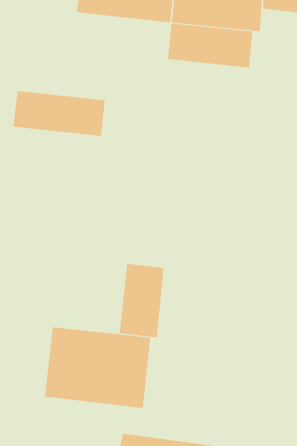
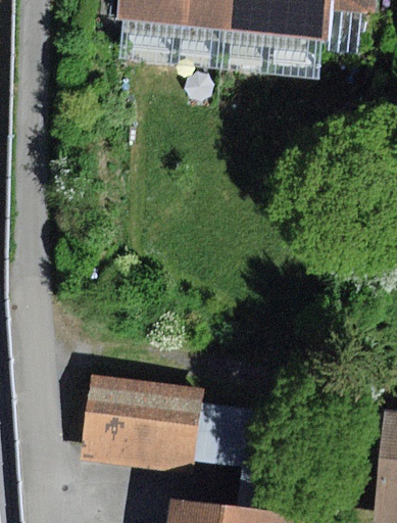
building: [12,90,105,137] -> [120,15,228,68]
building: [119,263,164,338] -> none

